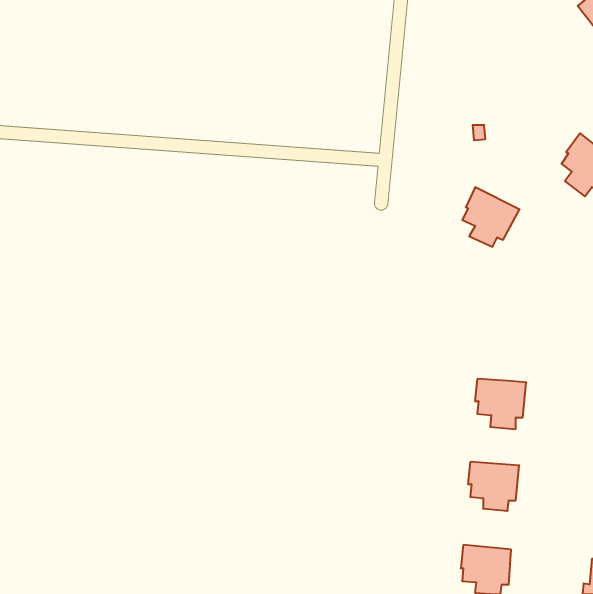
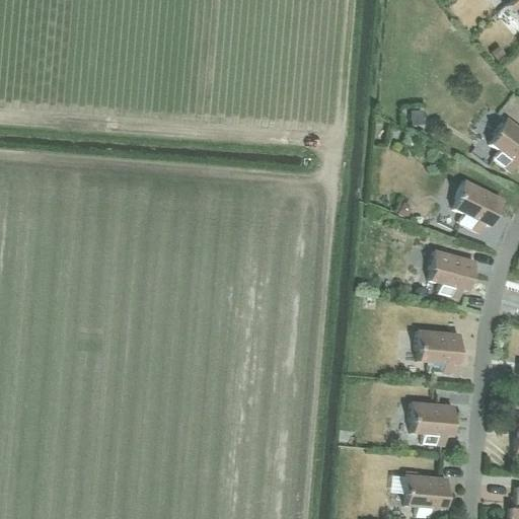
building: [462,187,520,247] -> [453,178,503,230]
building: none -> [429,248,475,297]

